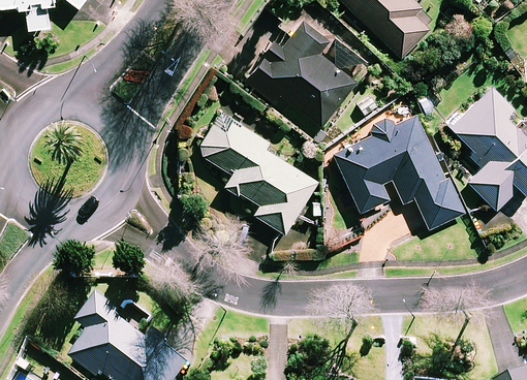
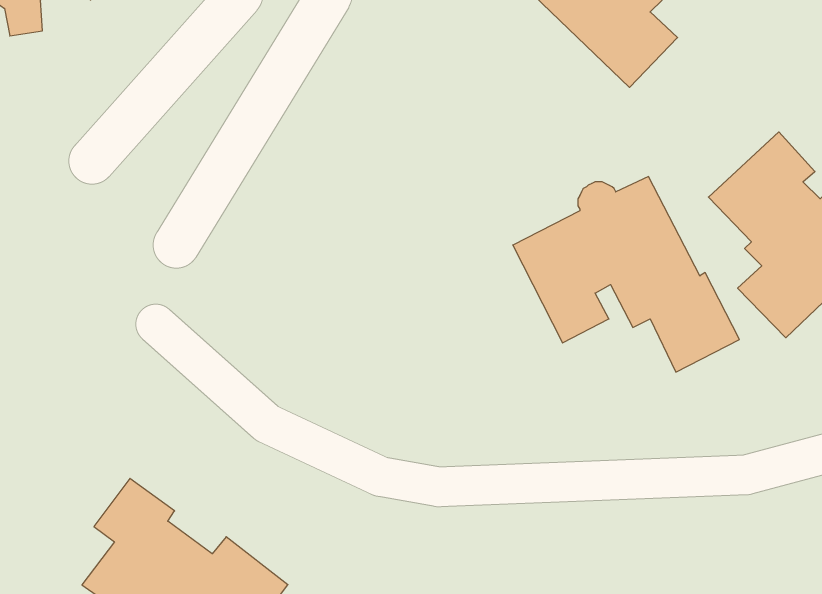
building: [244,19,368,126] -> none
building: [195,113,316,232] -> none

